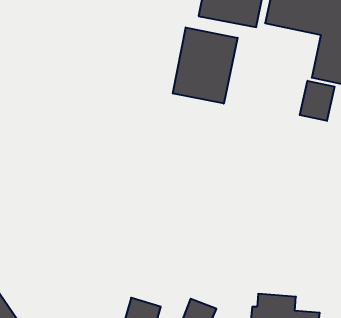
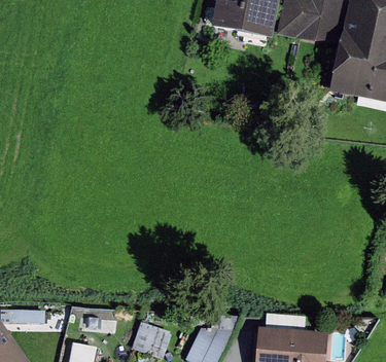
building: [173,27,238,104] -> none
building: [300,81,335,121] -> none

